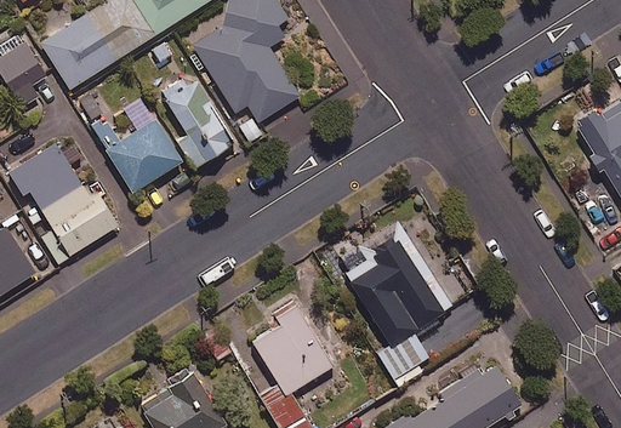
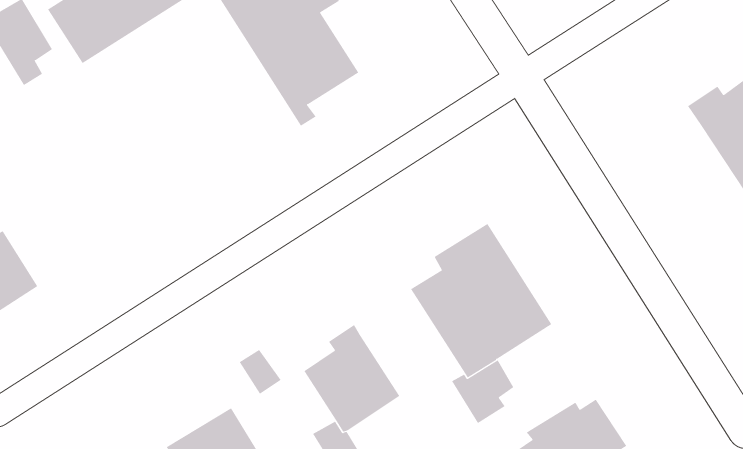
building: [160,79,234,167] -> none
building: [91,116,182,193] -> none
building: [7,143,118,263] -> none

